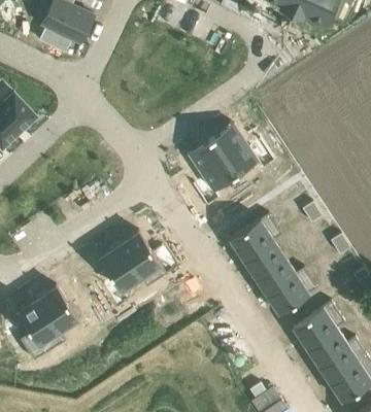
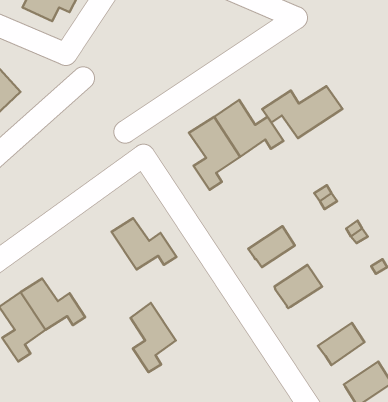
building: none -> [262,86,343,138]
building: [229,218,272,259] -> none
building: [99,243,140,306] -> [130,303,176,372]
building: [254,255,295,293] -> none
building: [292,306,335,346] -> none
building: [316,343,359,381] -> none

